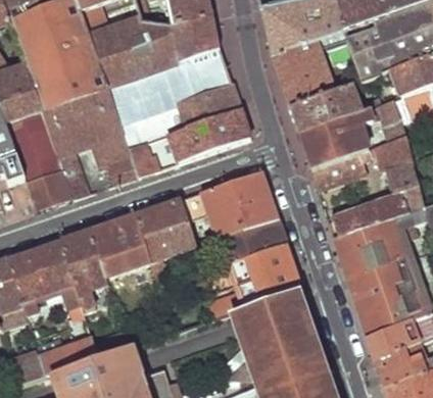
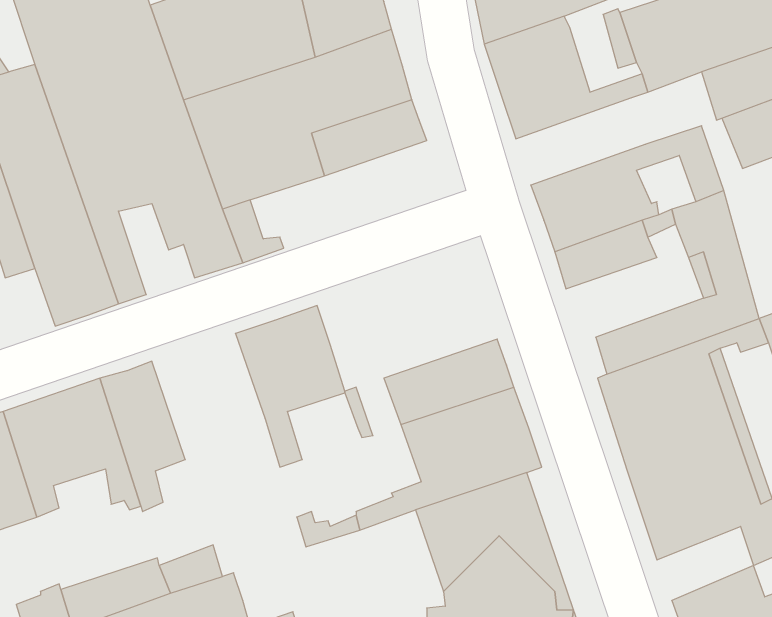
building: [289,85,360,133] -> none
building: [174,108,250,162] -> none
building: [180,170,279,239] -> none
building: [89,214,151,289] -> none
building: [367,320,420,361] -> none

